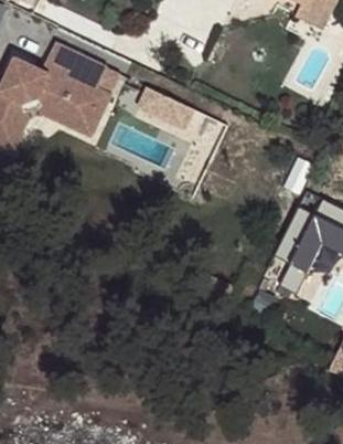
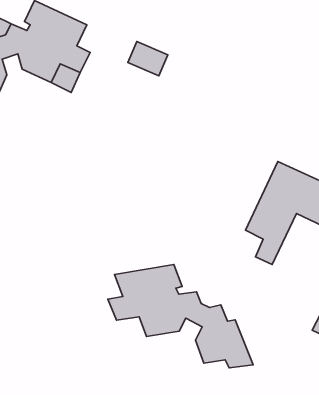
building: none -> [108,265,253,368]

